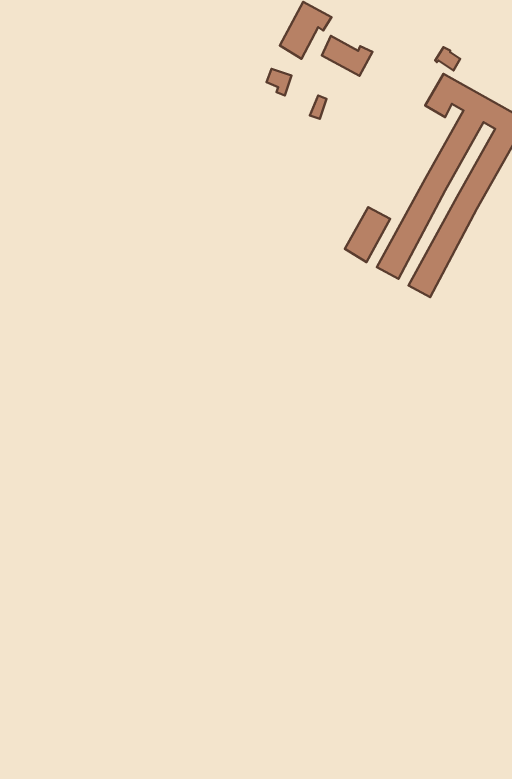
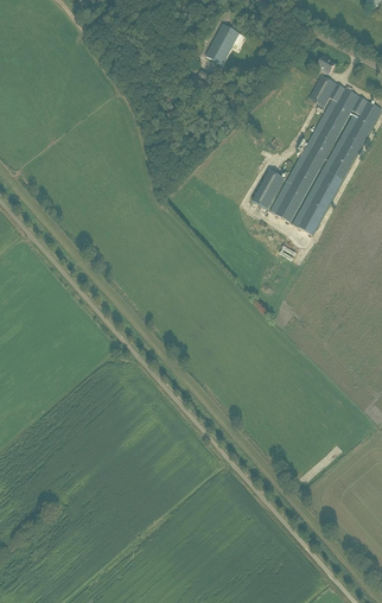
building: [322,36,373,76] -> none

